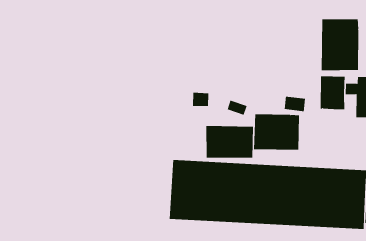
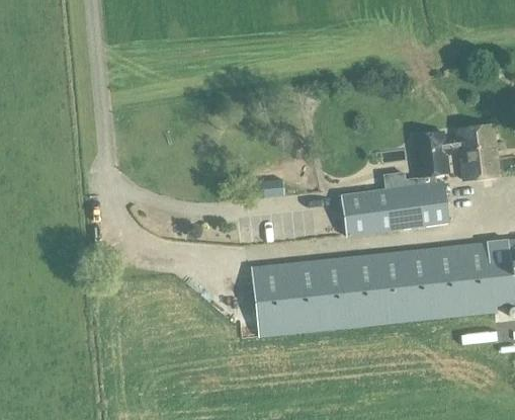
building: [321,18,359,71] -> none
building: none -> [397,180,451,230]
building: [206,125,253,159] -> none

